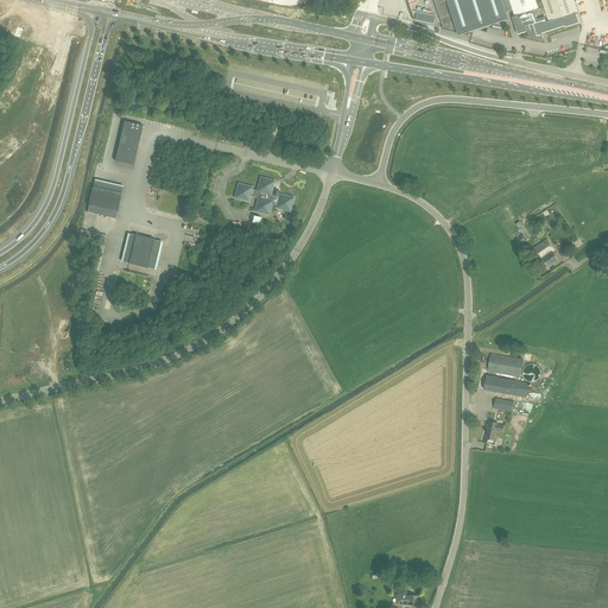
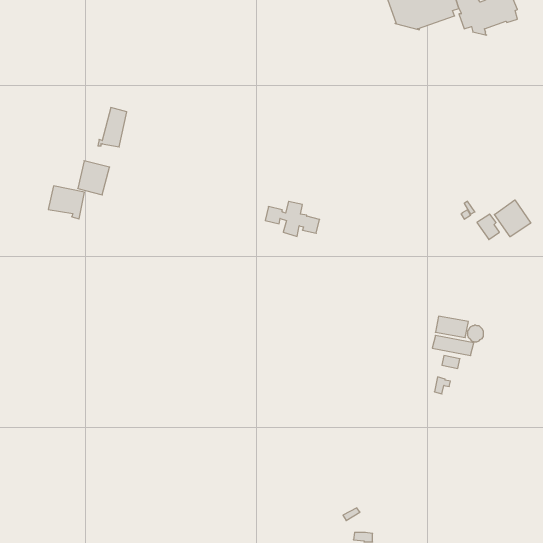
building: [233,176,293,215] -> [265,201,320,236]
building: none -> [494,200,531,237]
building: [120,230,160,267] -> [48,186,84,219]

